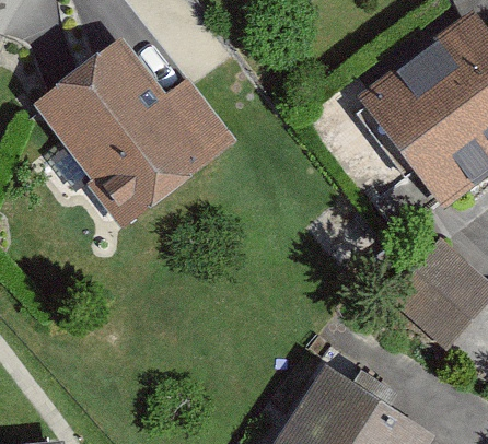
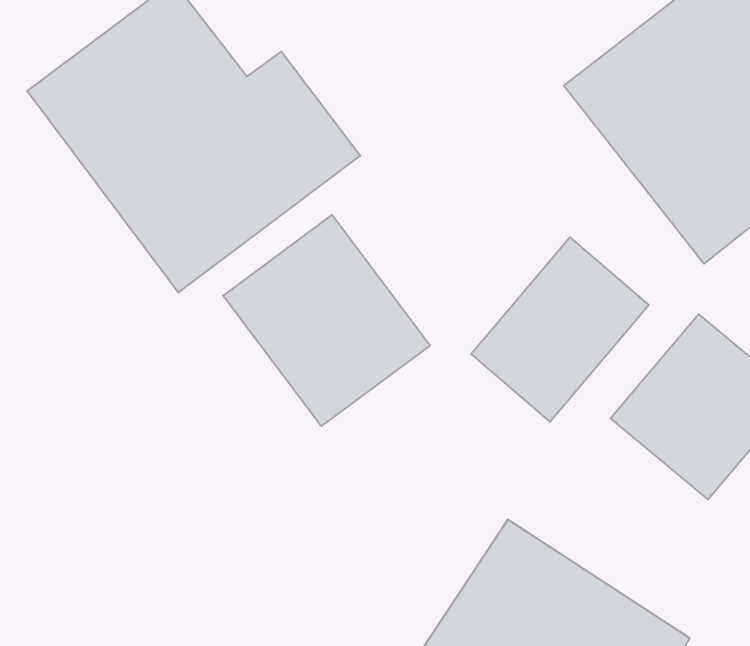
building: none -> [223,215,430,426]
building: none -> [471,237,649,422]

